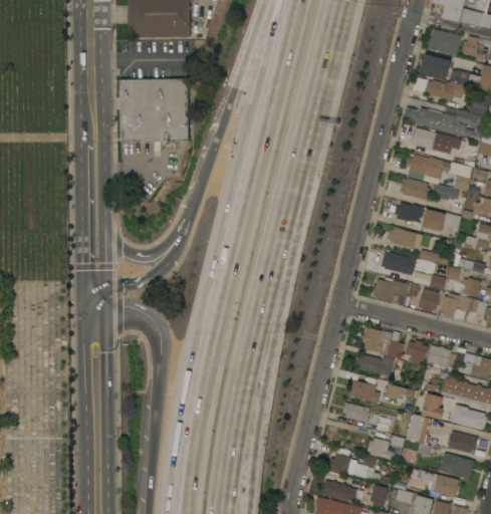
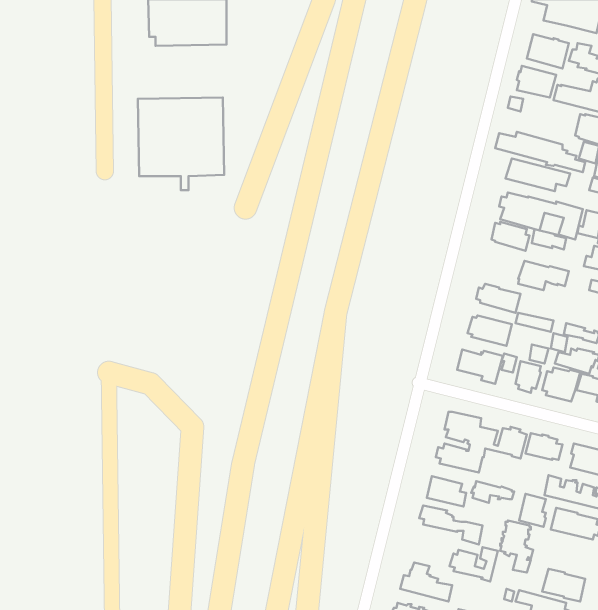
building: [425,80,463,100] -> none
building: [394,202,424,222] -> none
building: [448,432,478,453] -> none

